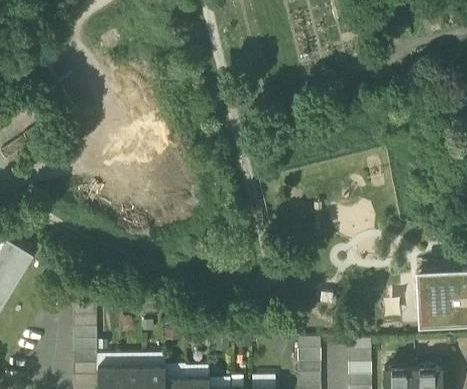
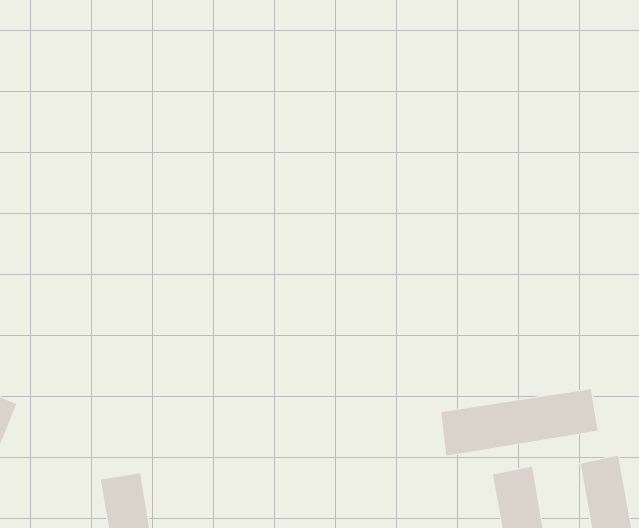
building: none -> [441,389,598,456]

